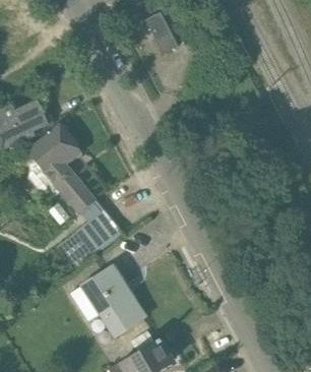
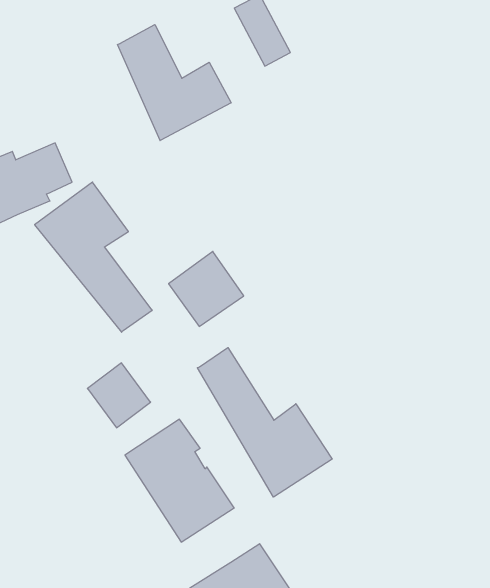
building: none -> [117,25,231,141]
building: [76,208,121,253] -> [169,251,244,326]
building: none -> [197,348,332,497]

